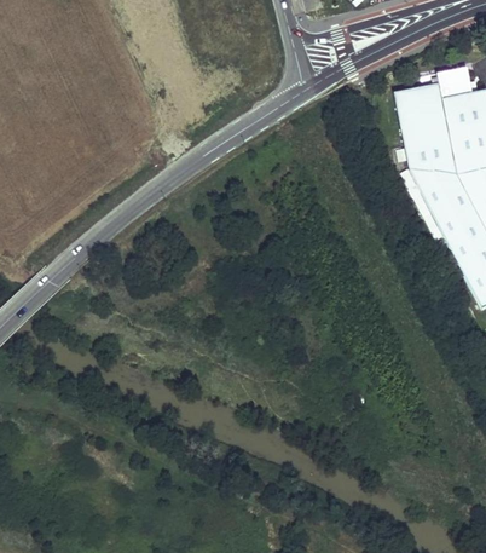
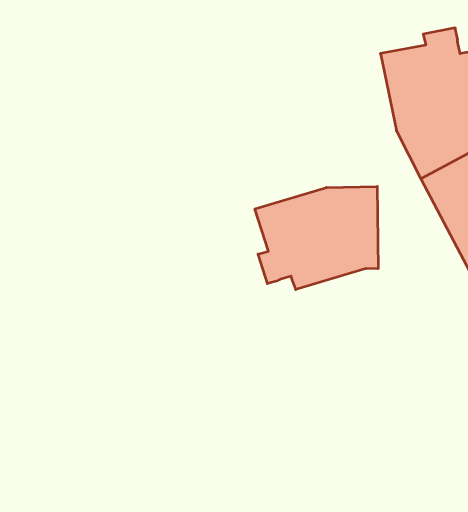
building: none -> [255,186,378,290]

